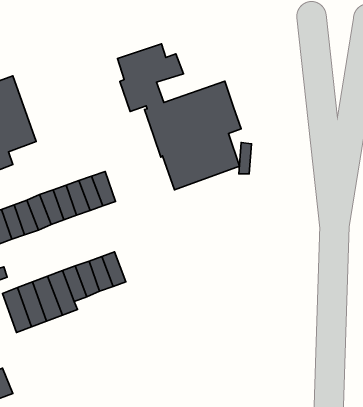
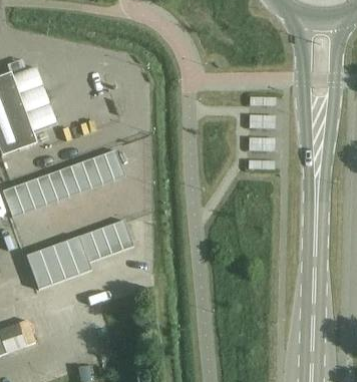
building: [118,44,241,190] -> none

